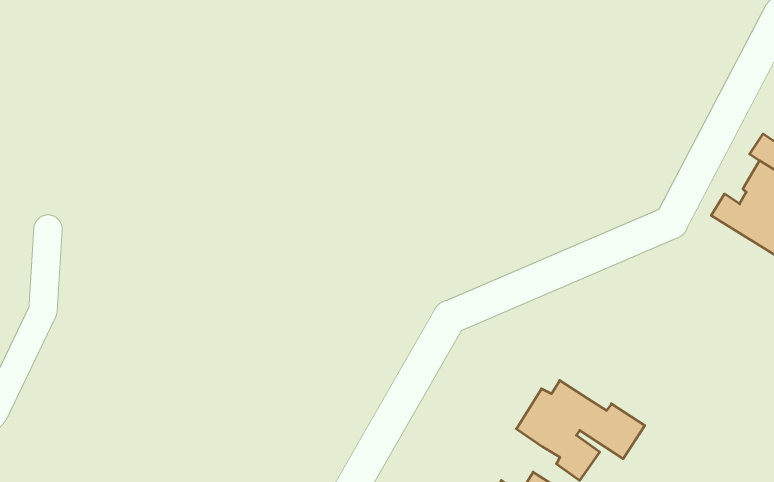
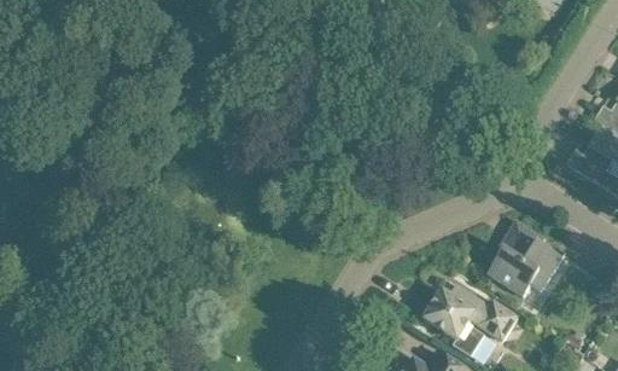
building: none -> [486,220,561,296]

